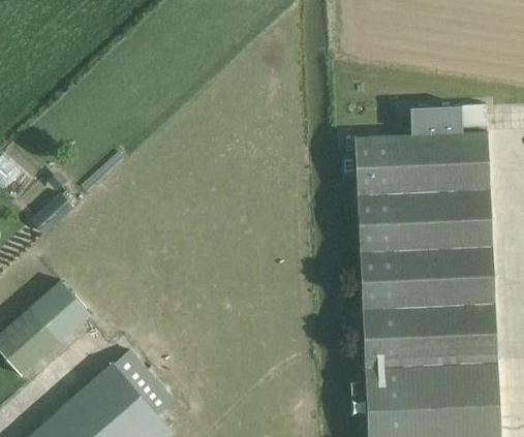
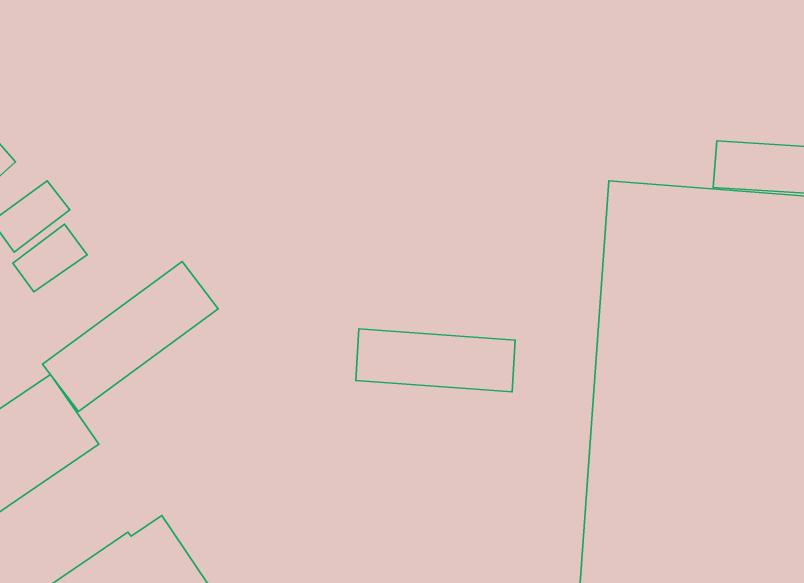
building: none -> [43,261,218,411]
building: none -> [356,329,515,392]

